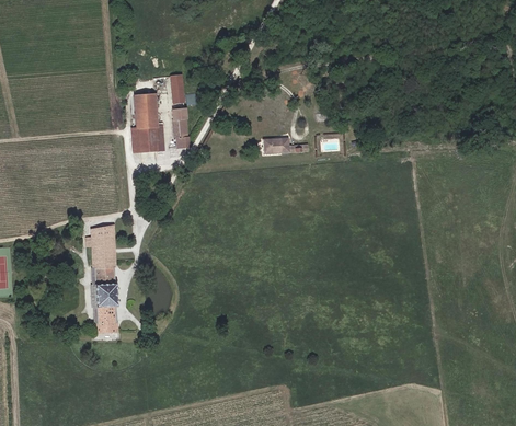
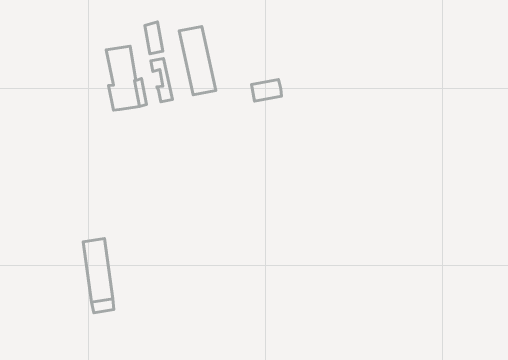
building: none -> [179,26,216,95]
building: [87,226,114,267] -> none

